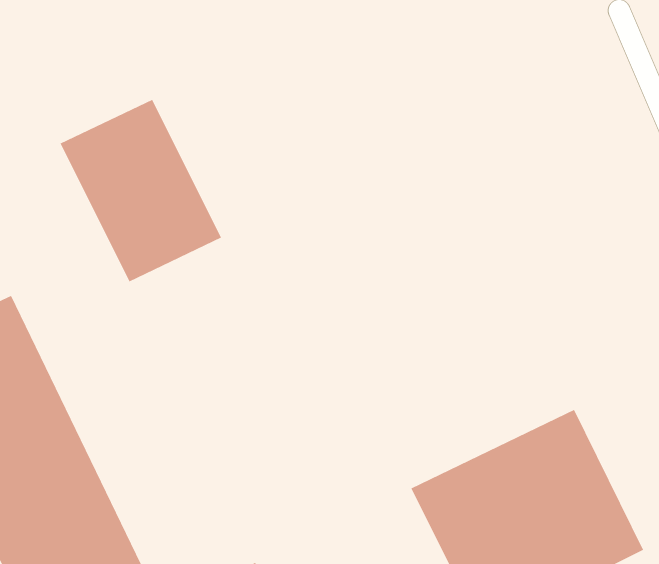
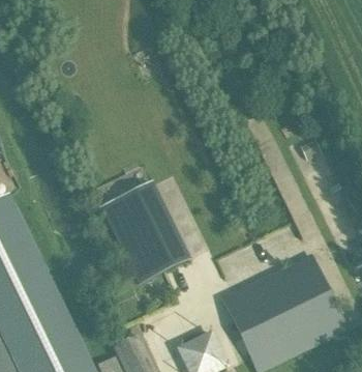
building: [60,99,222,282] -> [102,183,189,282]

